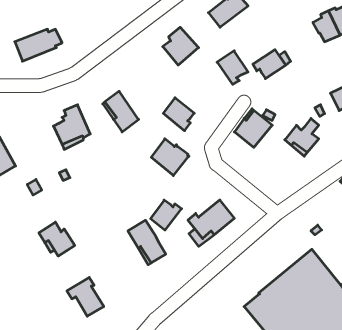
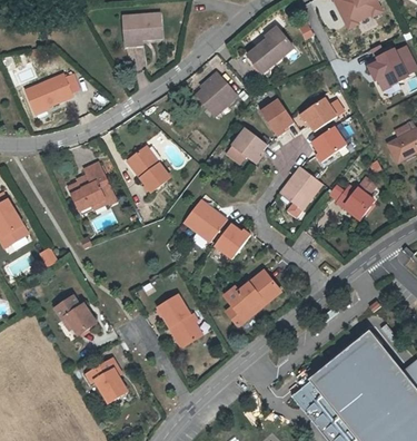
building: none -> [311,127,347,161]
building: [163,98,194,131] -> [230,127,266,165]
building: [151,200,182,230] -> [214,224,249,258]

